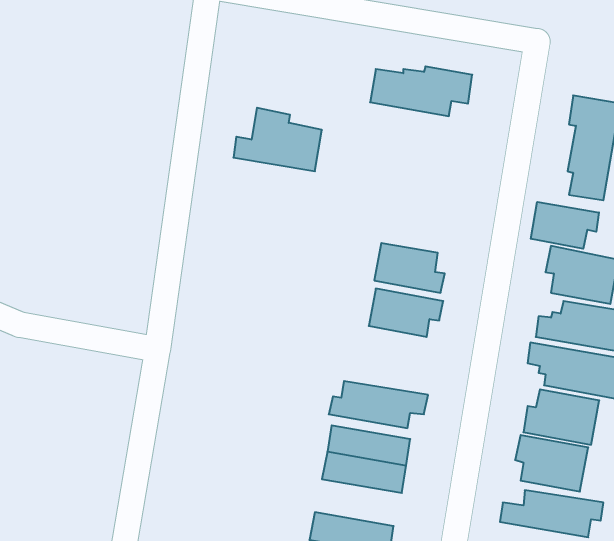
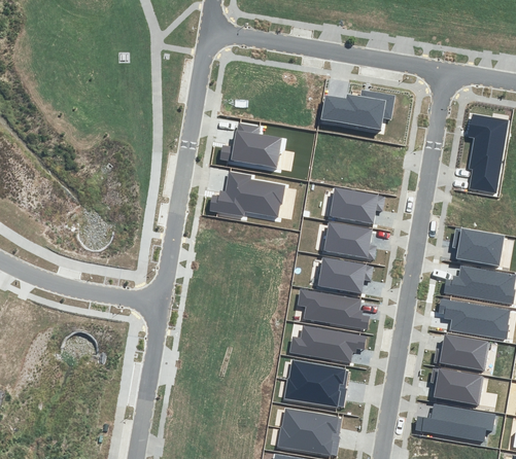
building: none -> [213,172,283,218]
building: none -> [331,188,386,223]
building: [531,202,599,249] -> none
building: none -> [299,291,368,328]
building: none -> [279,404,341,434]

